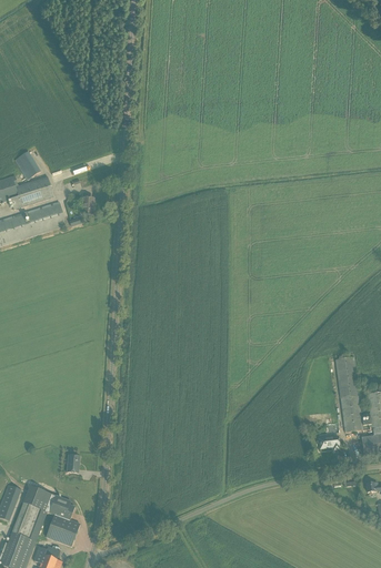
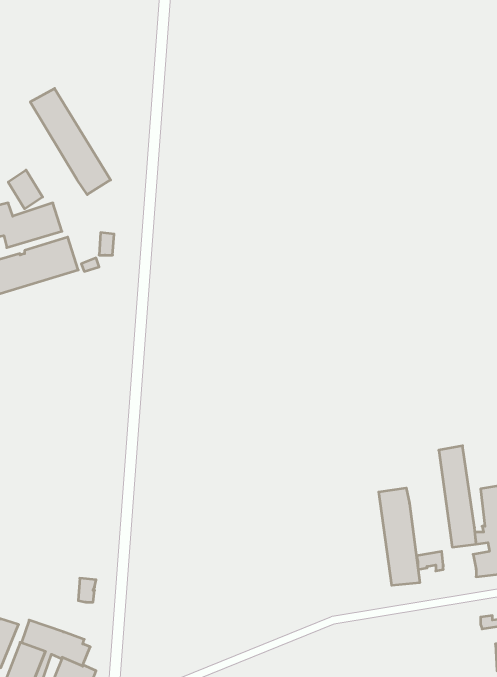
building: none -> [30,88,111,195]
building: none -> [379,488,420,585]

